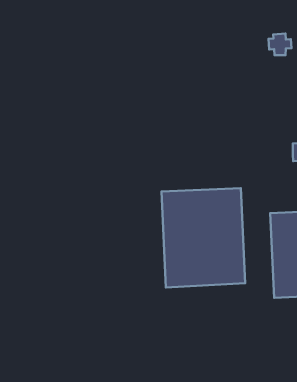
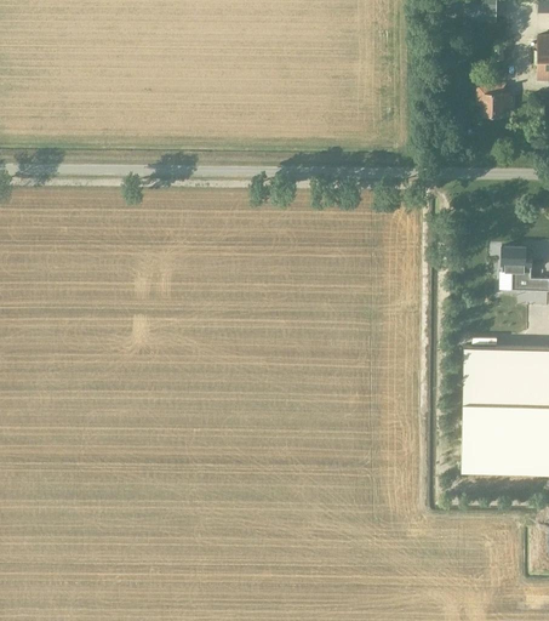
building: [162,188,245,288] -> none

